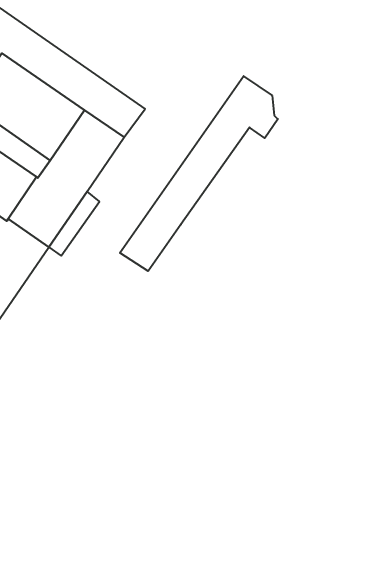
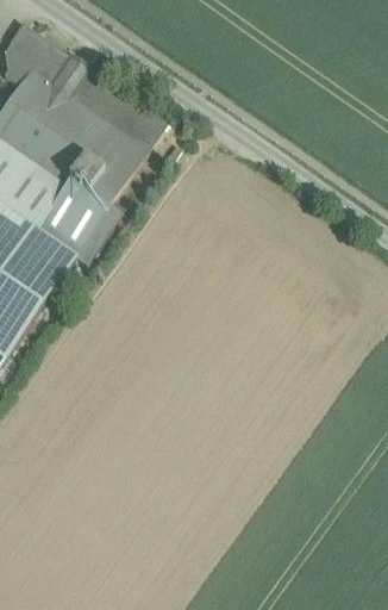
building: [120,76,278,271] -> none

